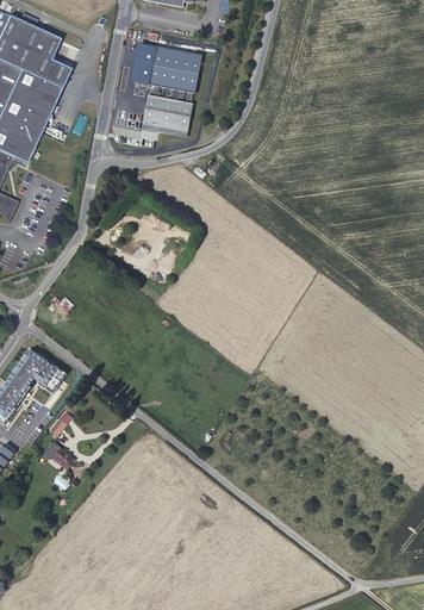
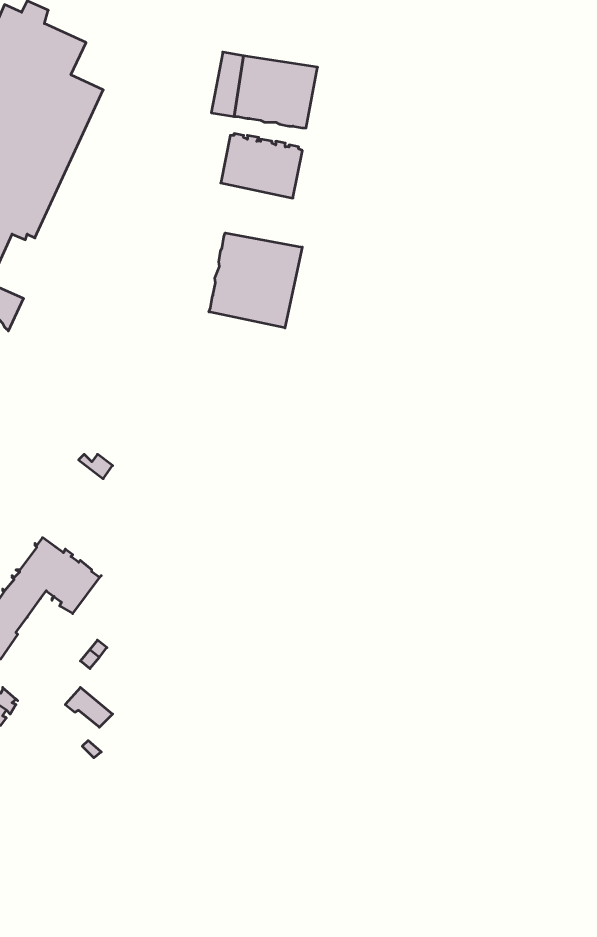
building: none -> [209,233,302,328]

